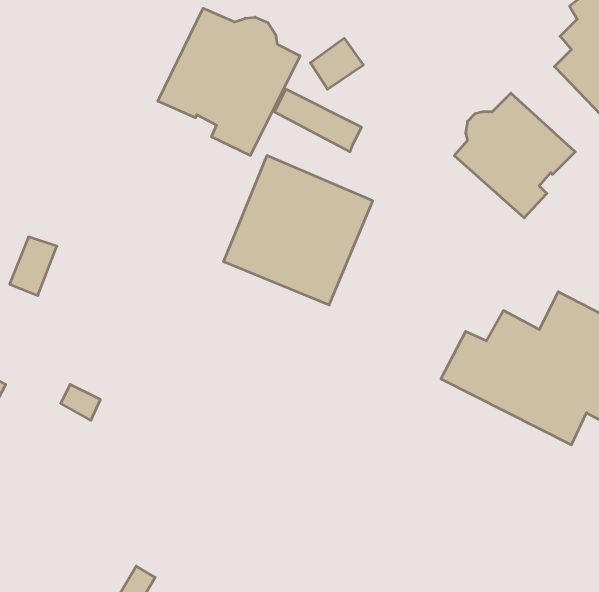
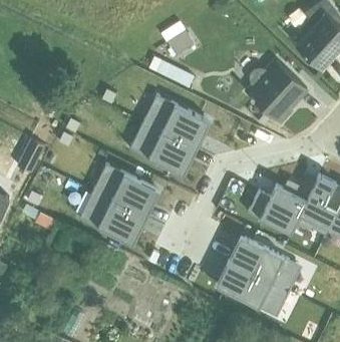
building: [158,8,300,155] -> none
building: none -> [71,159,154,243]
building: none -> [208,230,293,313]

